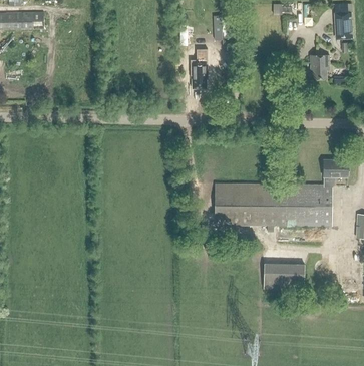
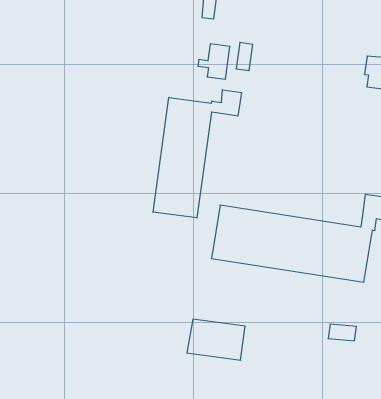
building: none -> [153,90,242,218]
building: [263,261,304,287] -> [187,319,245,360]

